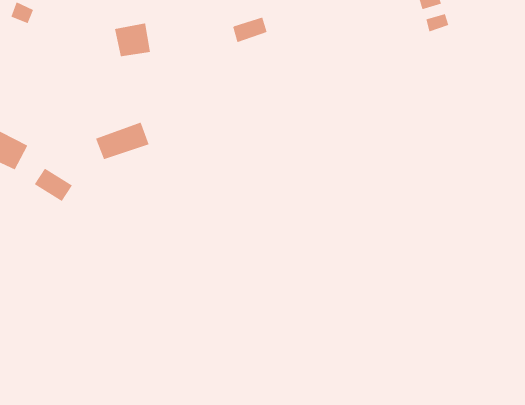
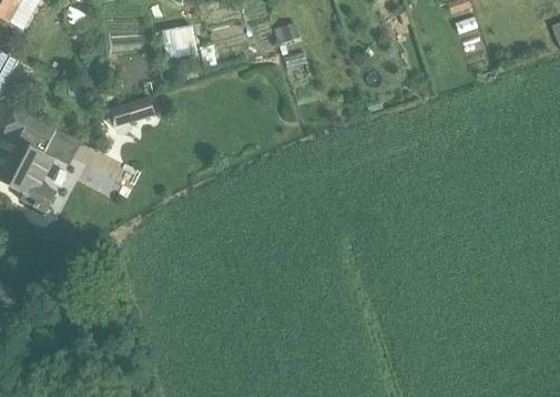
building: [95,122,149,160] -> [108,92,159,128]

